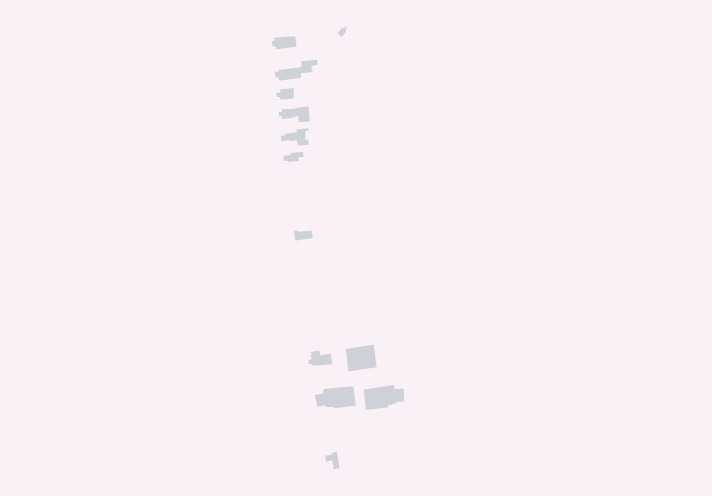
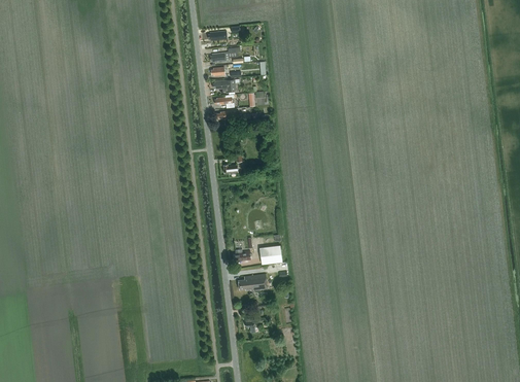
building: [363,384,405,411] -> none

